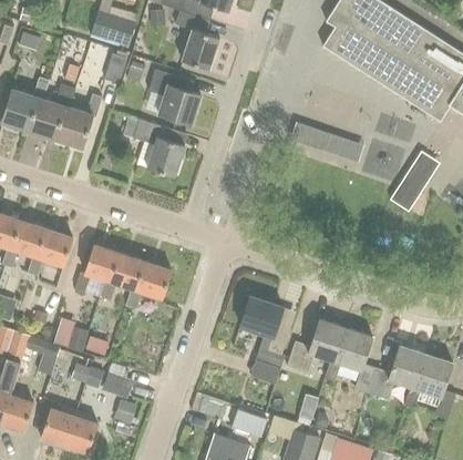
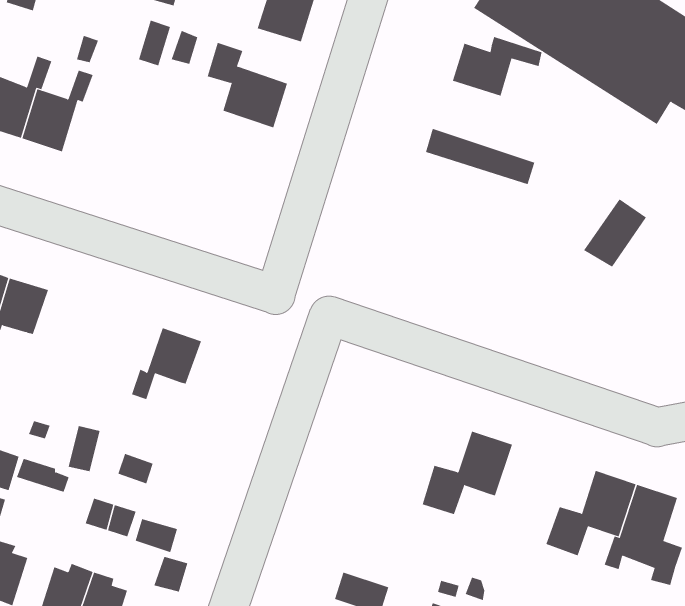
building: none -> [452,36,542,97]
building: [55,94,102,146] -> none
building: [124,113,184,175] -> none
building: [27,227,72,275] -> none
building: [74,243,120,290] -> none
building: [125,260,171,307] -> none
building: [240,293,292,384] -> none
building: [325,327,375,391] -> none

